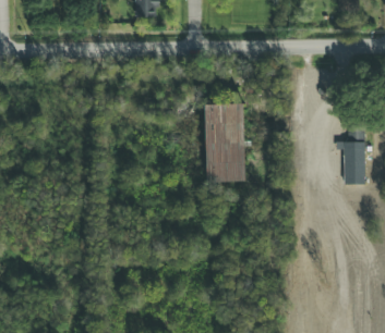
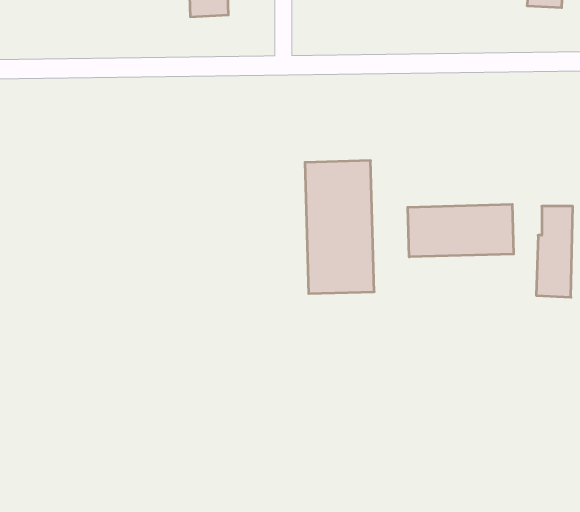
building: none -> [408,204,514,257]

